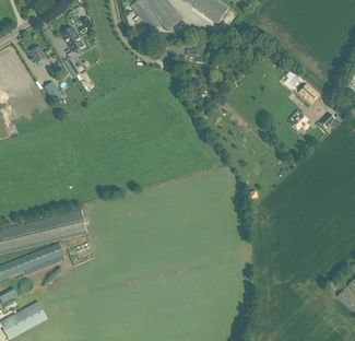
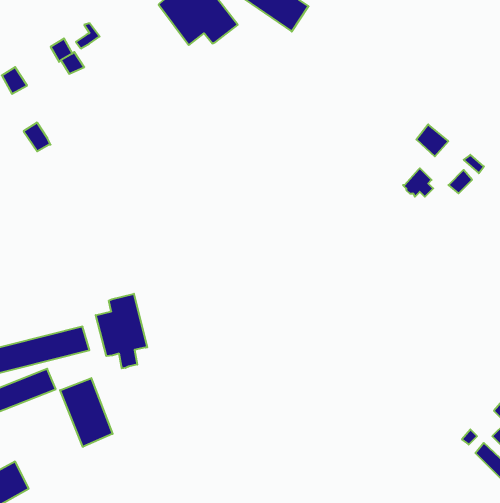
building: none -> [96,294,147,368]
building: none -> [60,378,113,447]

